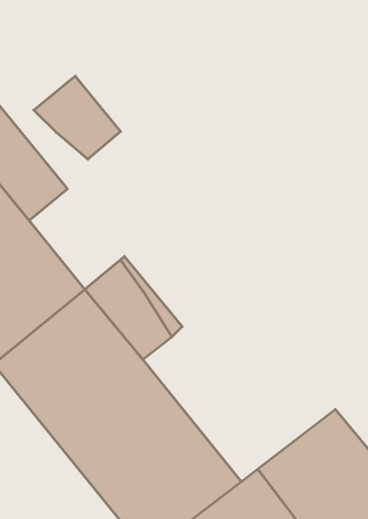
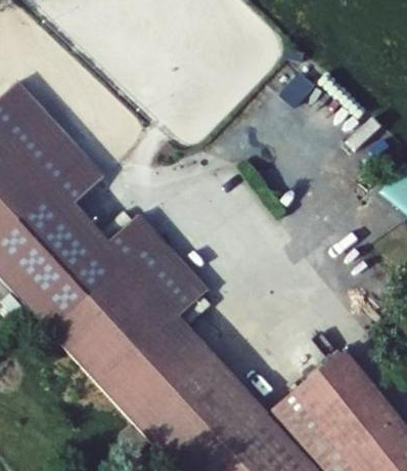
building: [34,76,121,159] -> none
building: none -> [106,213,153,259]

